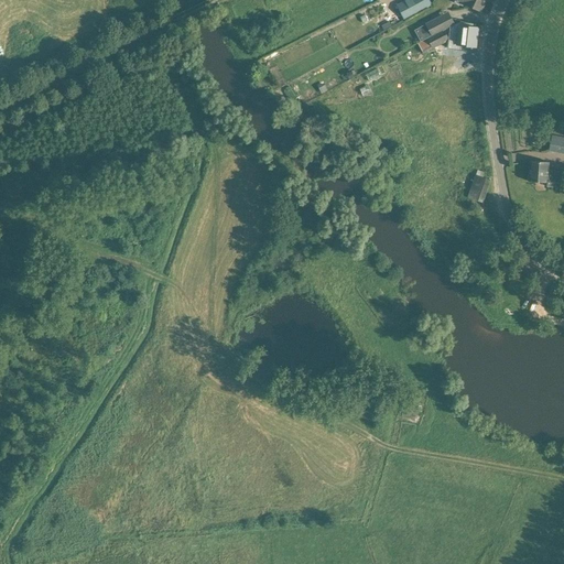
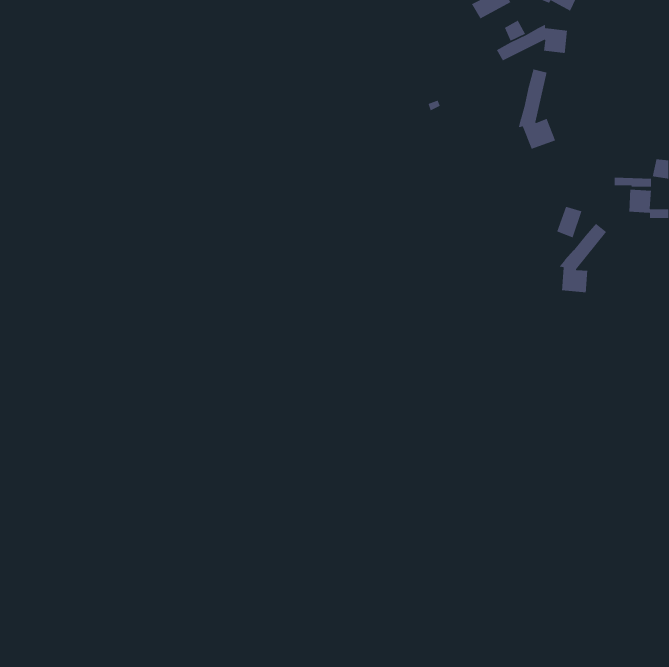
building: none -> [518,68,556,150]
building: none -> [559,223,607,293]

